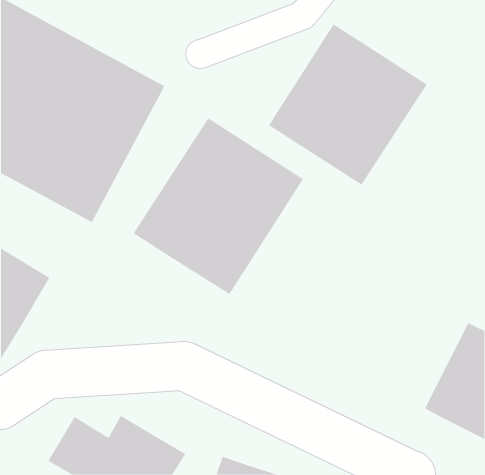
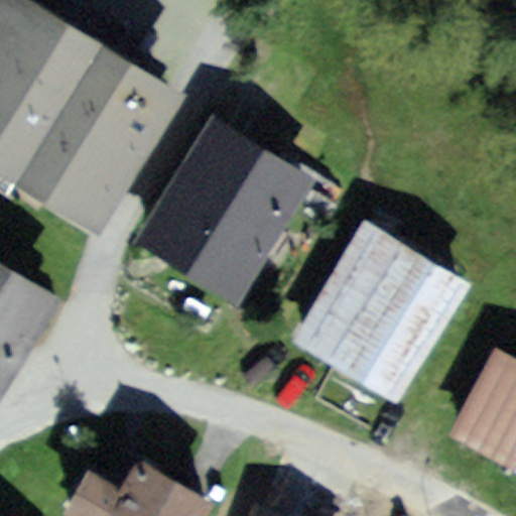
building: [268,23,427,185] -> none
building: none -> [285,217,468,404]

